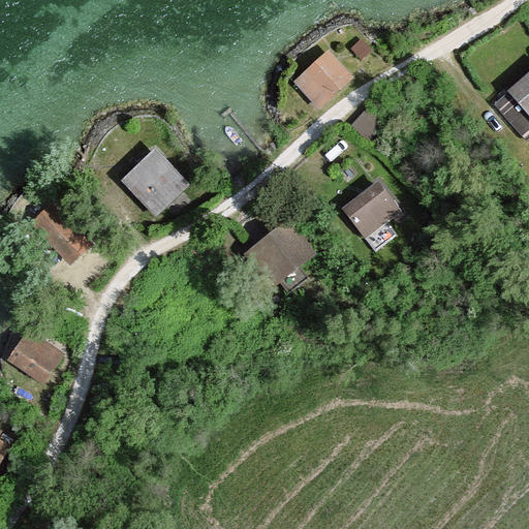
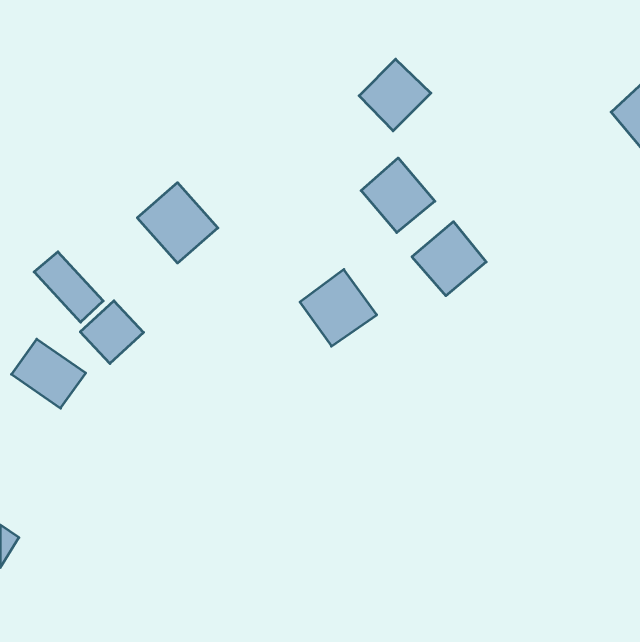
building: none -> [361,158,435,233]
building: none -> [80,301,144,364]
building: [8,331,69,387] -> [11,339,86,408]

